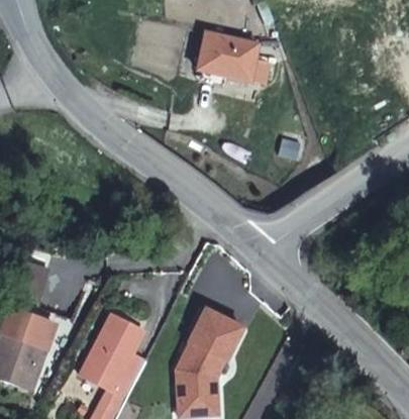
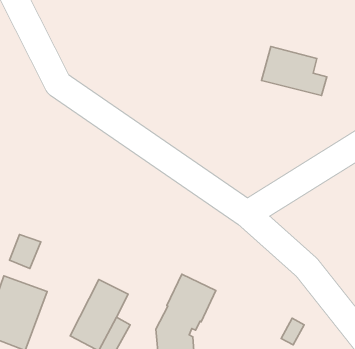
building: [195,31,267,85] -> [262,46,327,95]

